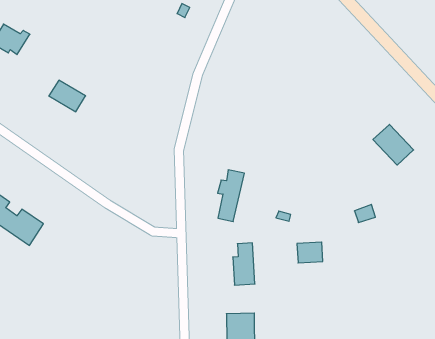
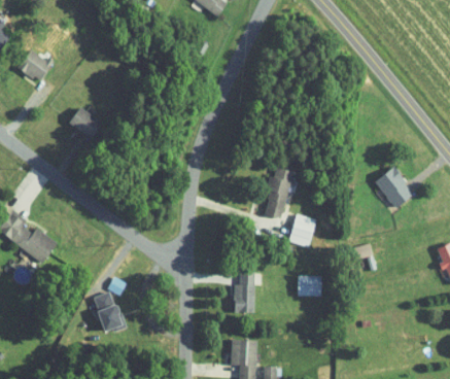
building: [218,170,244,222] -> [266,168,293,217]
building: none -> [288,214,315,246]
building: none -> [93,291,126,332]

